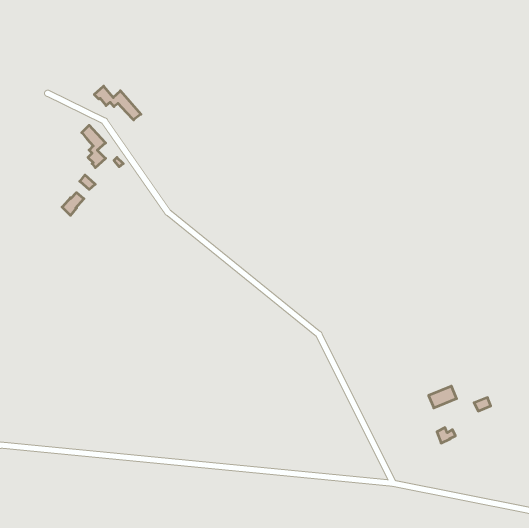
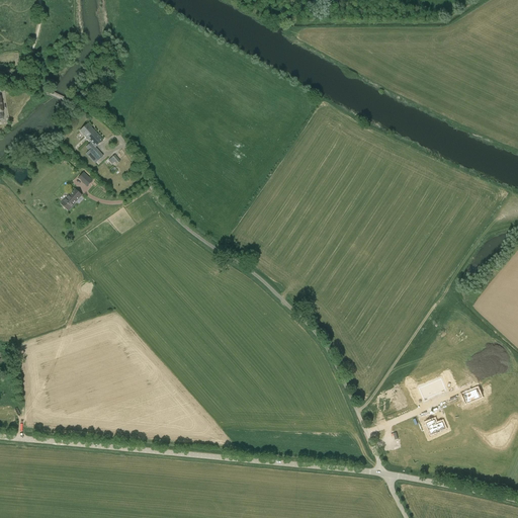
building: [94,86,141,120] -> none

